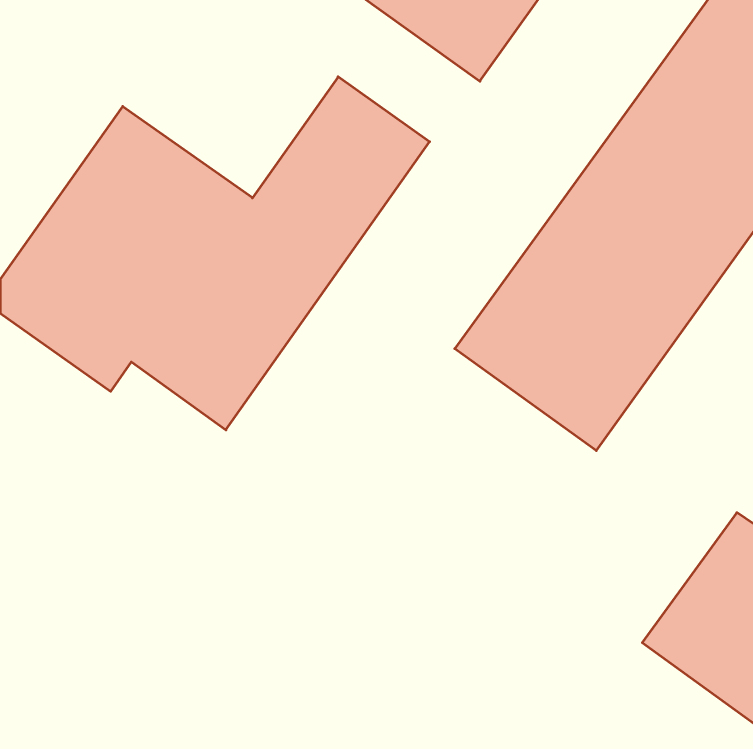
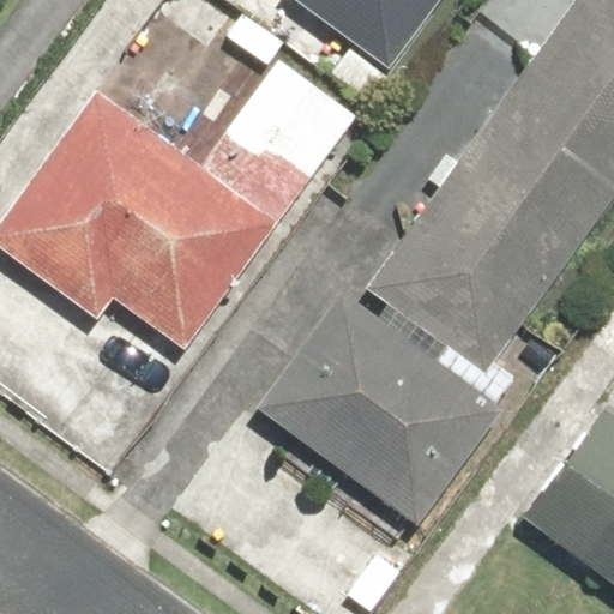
building: none -> [264,297,502,524]

